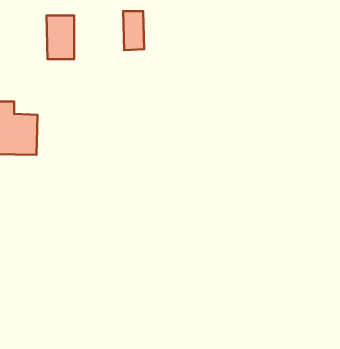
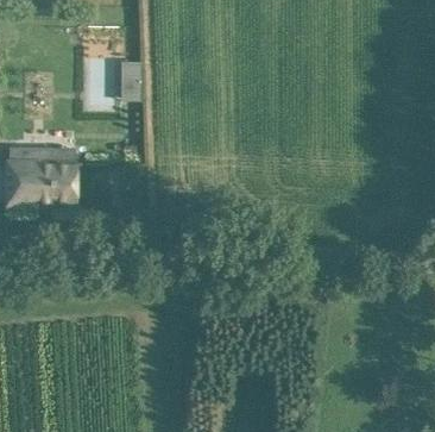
building: [123,11,144,50] -> [119,58,141,100]

